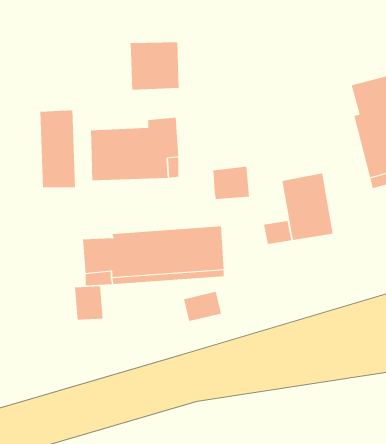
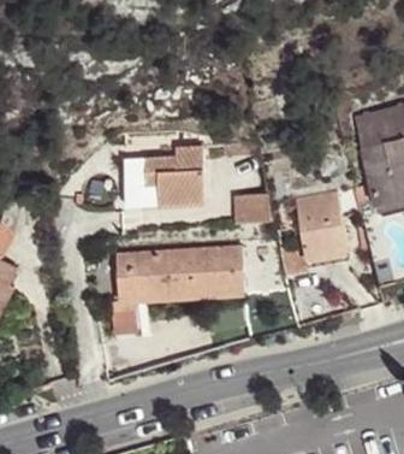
building: [130,42,179,91] -> none
building: [40,109,76,188] -> none

